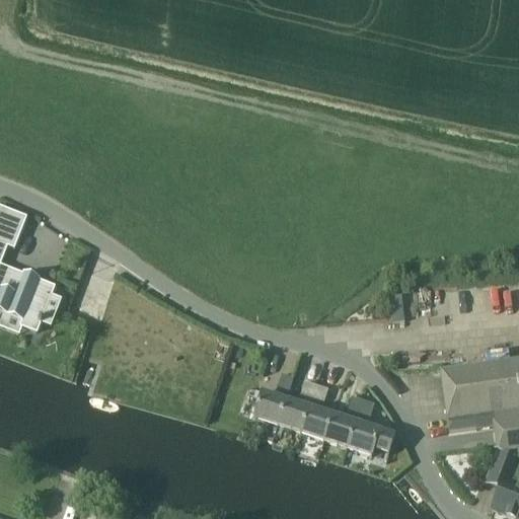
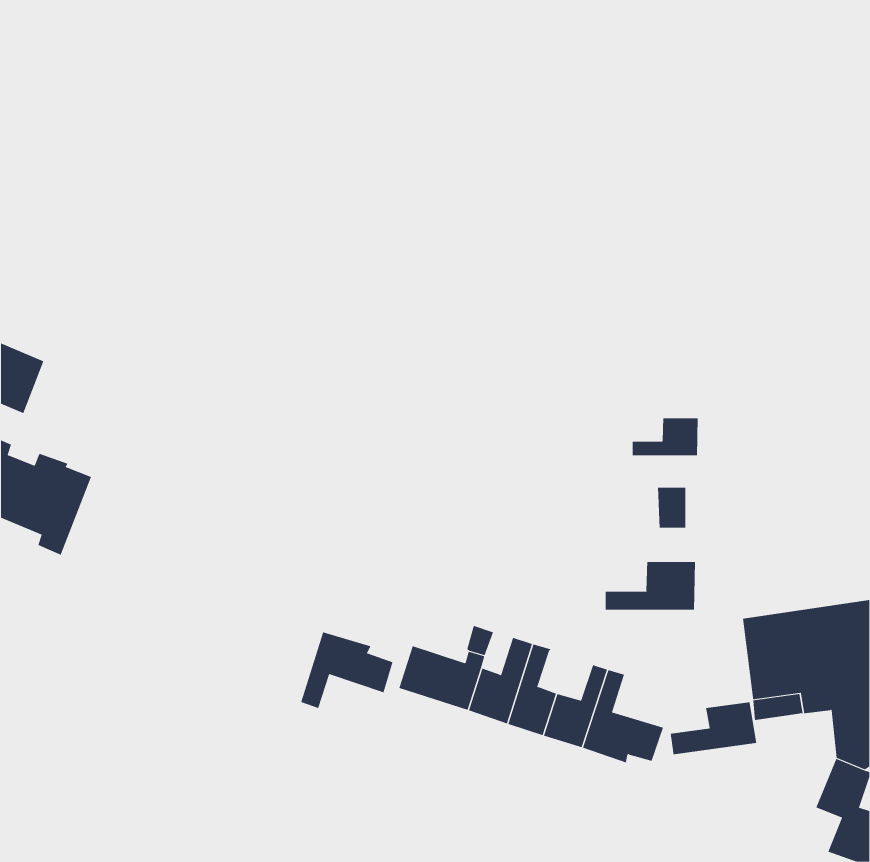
building: none -> [632,417,698,456]
building: none -> [605,561,695,611]
building: none -> [300,631,393,709]
building: none -> [670,701,757,755]

